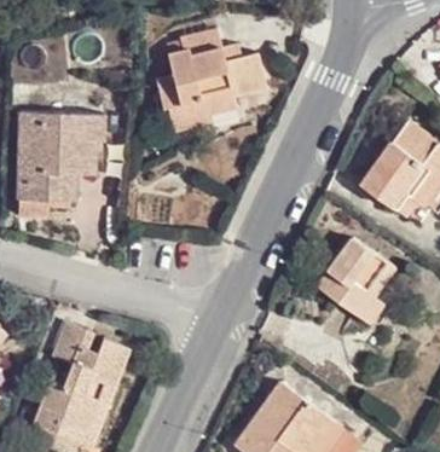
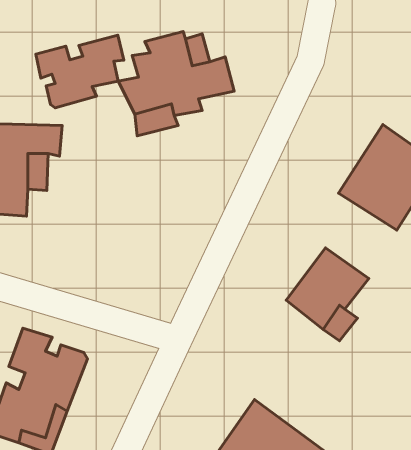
building: none -> [36,35,124,108]

